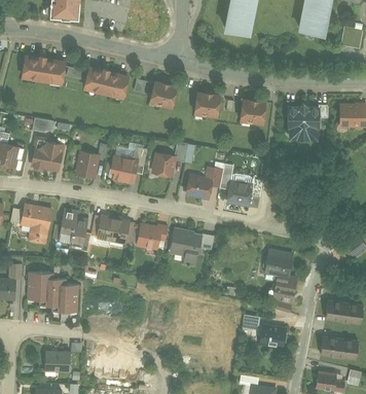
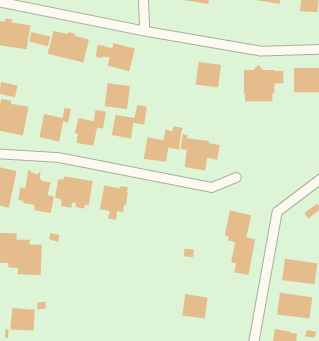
building: [189,88,217,116] -> [104,83,131,110]
building: [164,226,211,266] -> none
building: [255,322,283,349] -> [181,293,209,319]

